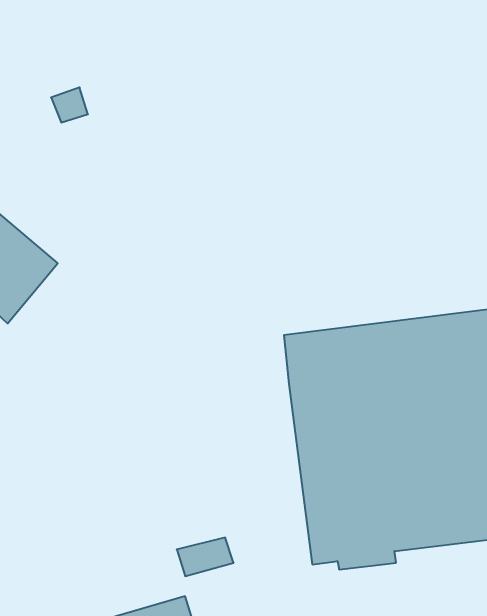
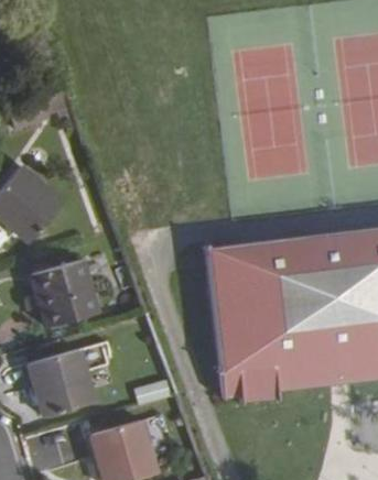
building: none -> [32,262,94,325]
building: none -> [34,351,93,416]

